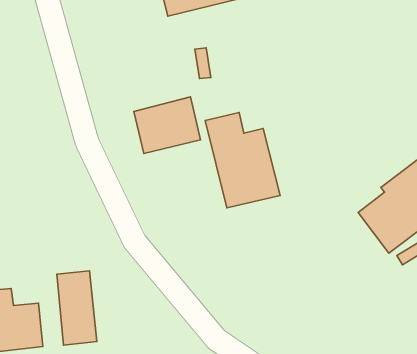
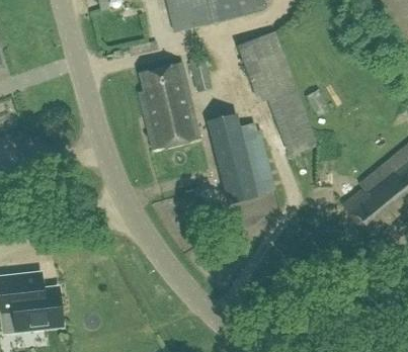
building: none -> [237,30,316,154]
building: none -> [140,63,193,113]
building: [57,271,97,345] -> none

